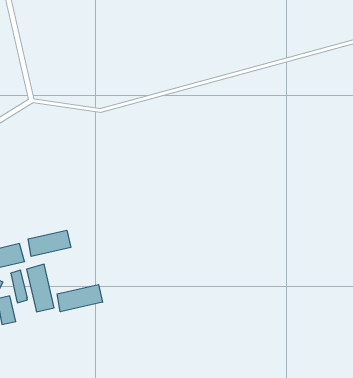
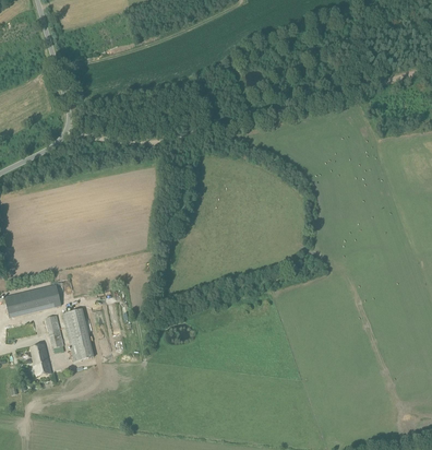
building: [28,230,71,256] -> none
building: [57,285,103,312] -> none

